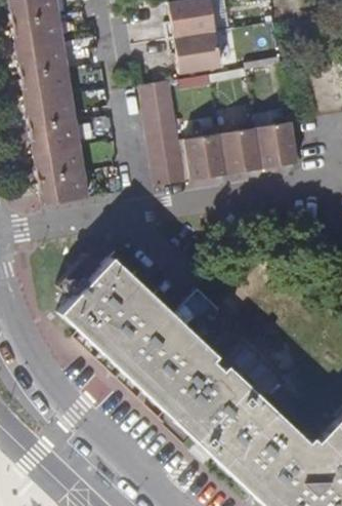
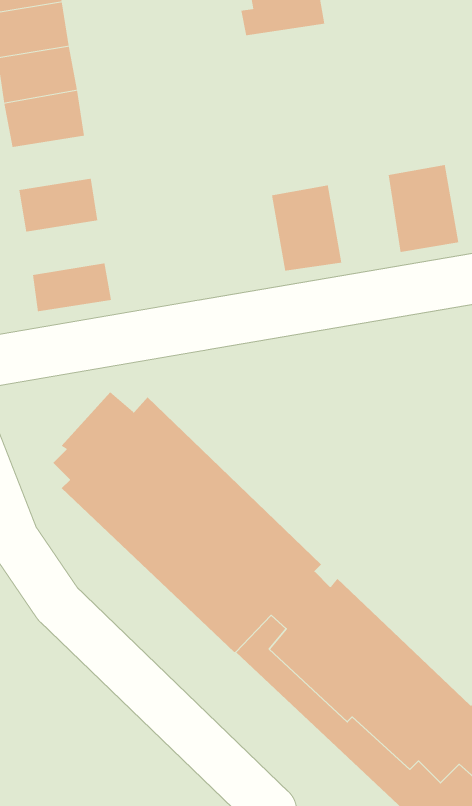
building: [171,31,224,71] -> none
building: [141,78,194,186] -> none
building: [30,99,78,131] -> none
building: [221,122,264,176] -> none
building: [38,150,86,183] -> none

